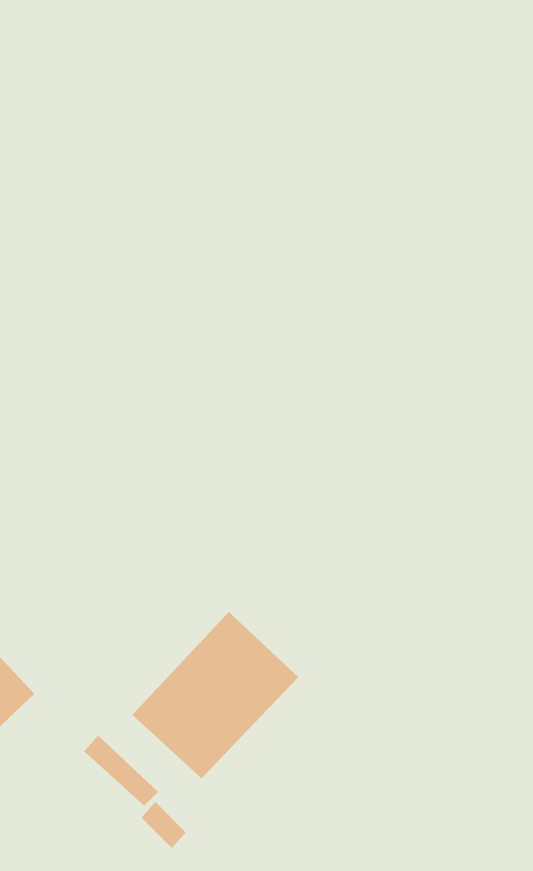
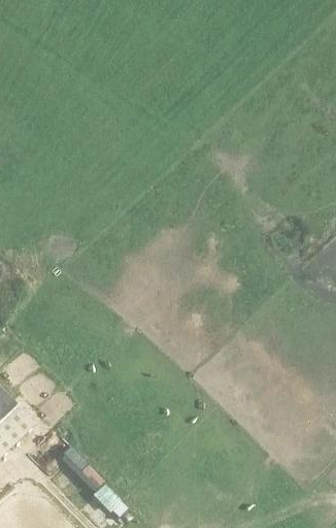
building: [131,611,299,779] -> none

